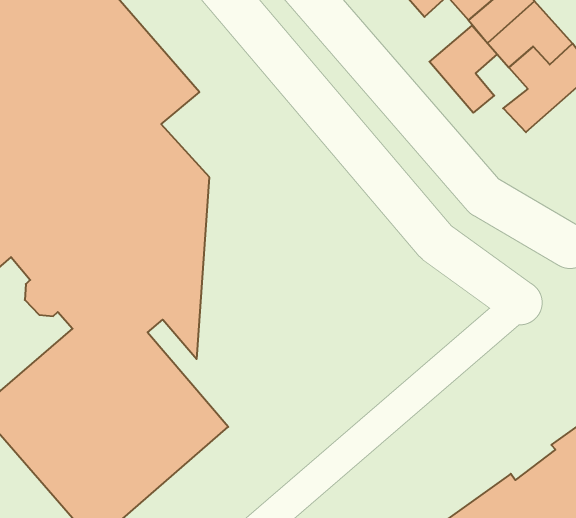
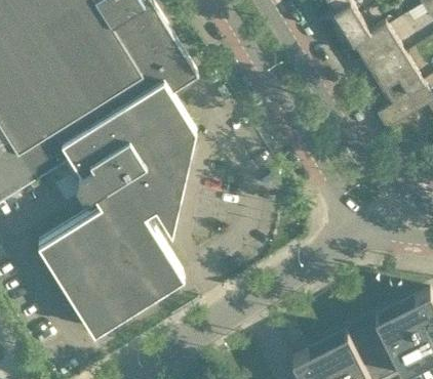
building: [429,25,497,113] -> none

